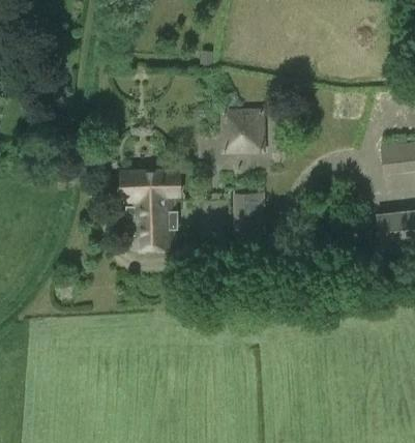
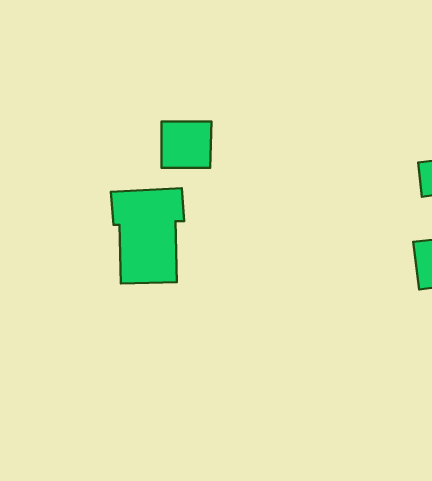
building: [223,109,265,148] -> [161,122,211,168]
building: [234,190,264,233] -> none

